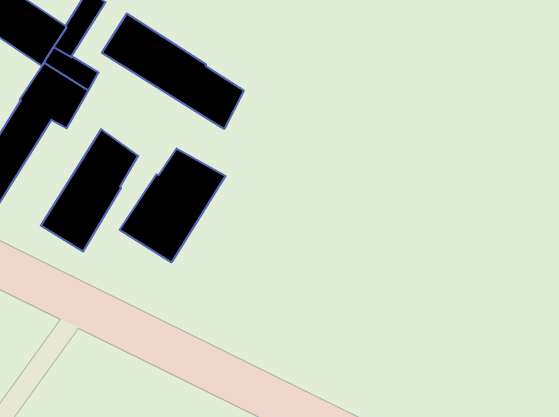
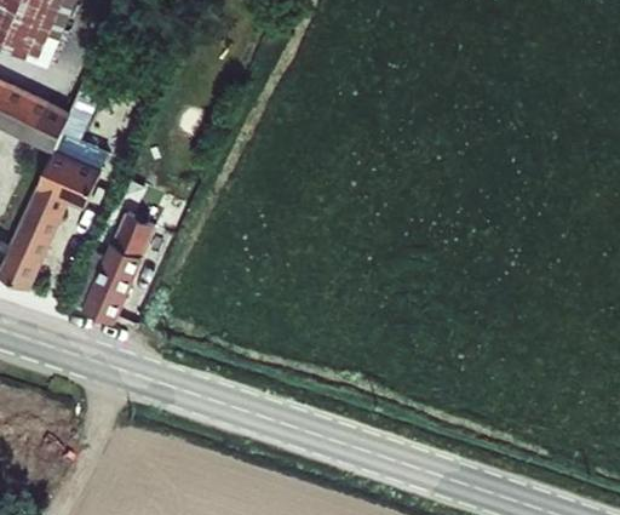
building: [102,13,244,129] -> none
building: [120,148,226,262] -> none

